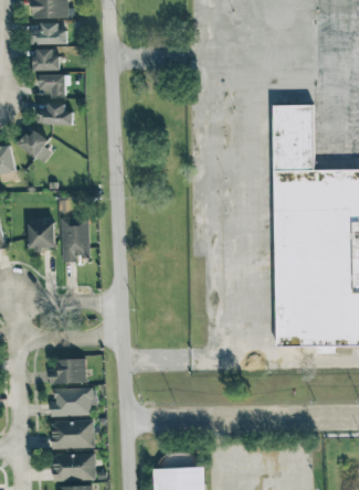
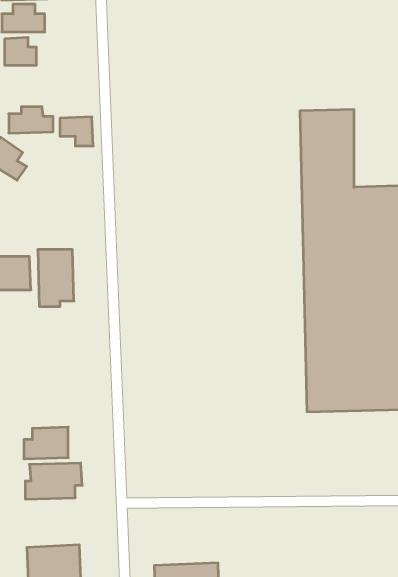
building: [40,74,66,97] -> [60,117,93,146]
building: [52,420,94,449] -> none

